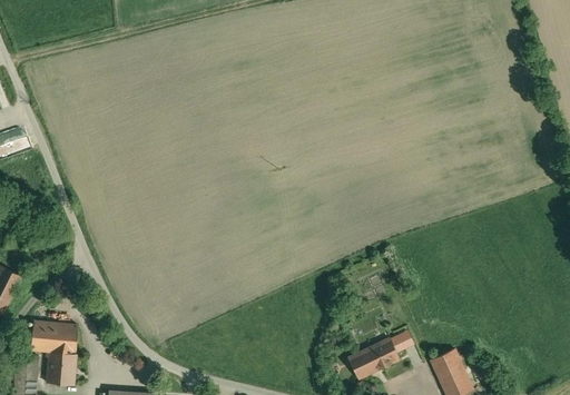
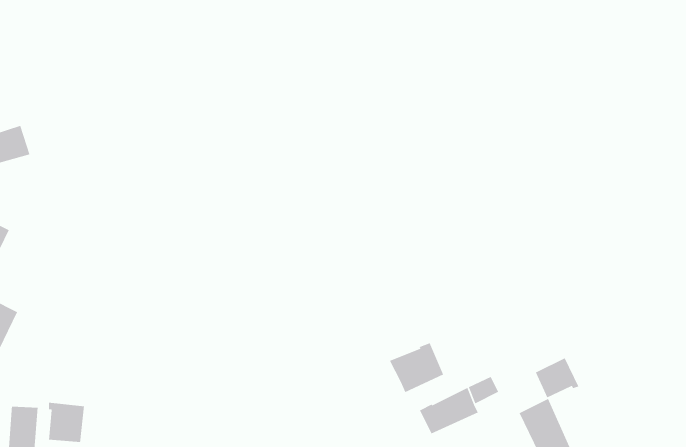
building: none -> [389,342,444,393]
building: none -> [535,357,579,399]
building: [30,320,78,354] -> none

